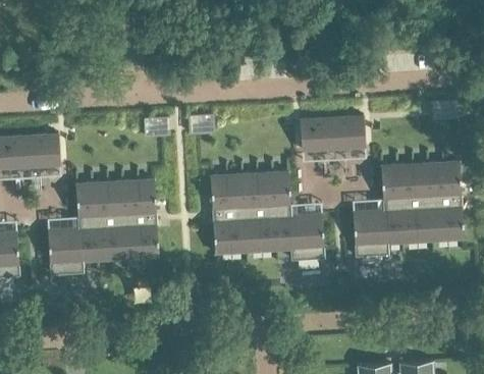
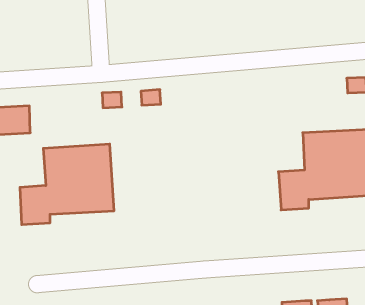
building: [300,115,366,151] -> none
building: [210,171,325,260] -> none

